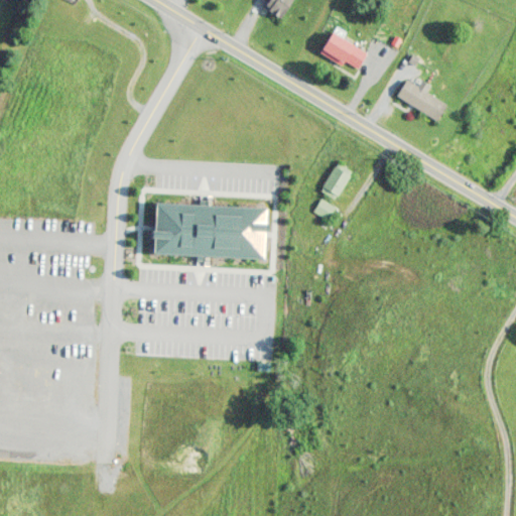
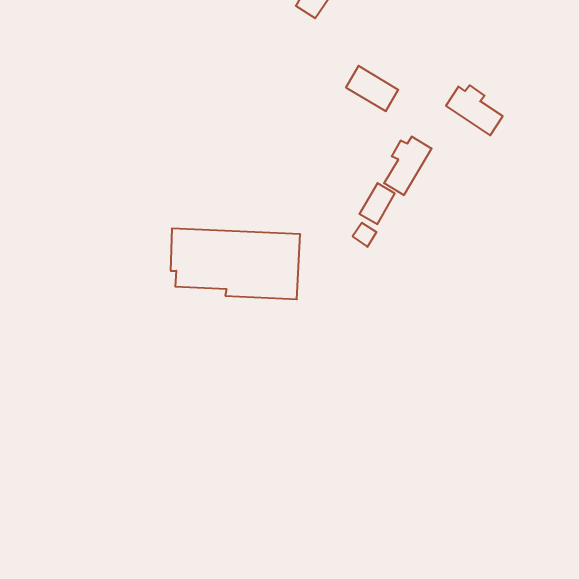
building: [321,30,368,71] -> [346,66,398,111]
building: none -> [384,136,432,195]

